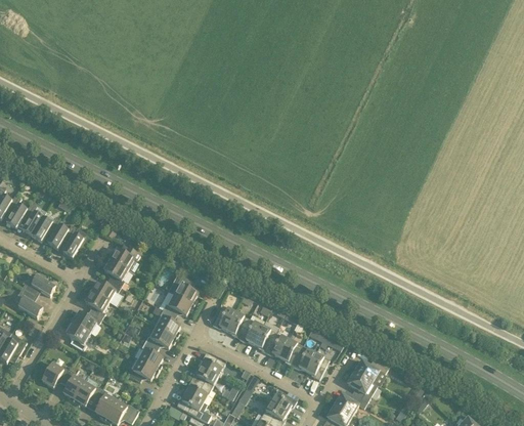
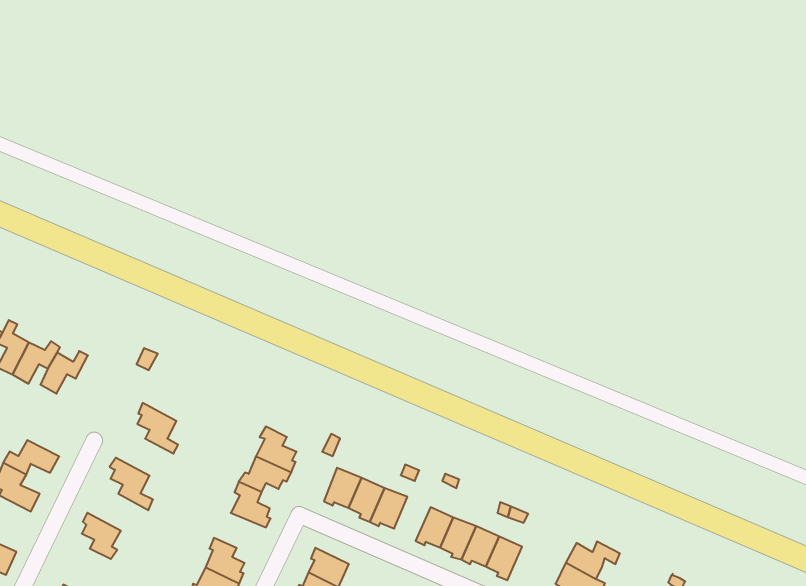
building: [61,227,91,258] -> none
building: [106,246,138,270] -> none
building: [88,280,123,302] -> none
building: [69,311,105,334] -> none
building: [252,321,276,352] -> none
building: [139,328,175,349] -> none

